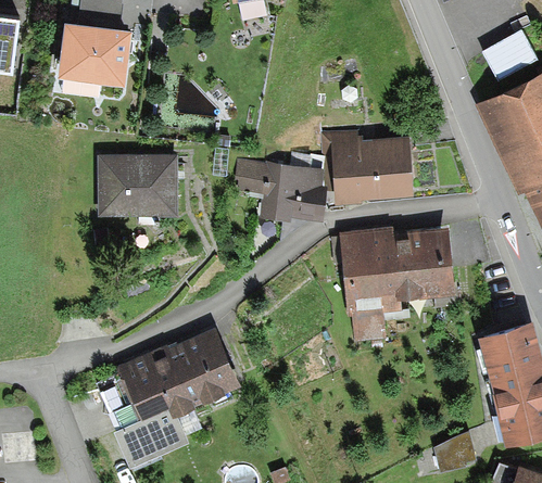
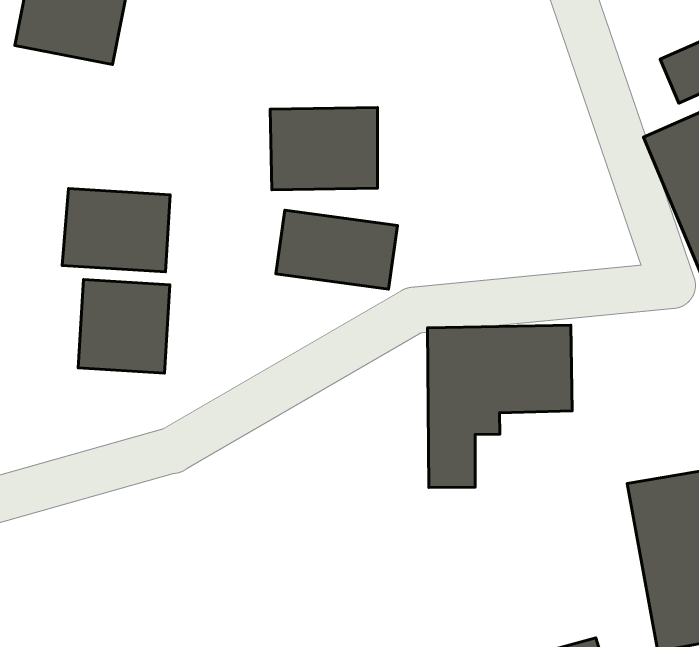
building: [329,141,403,200] -> [270,107,377,190]
building: none -> [78,279,170,373]
building: [117,334,230,456] -> none

